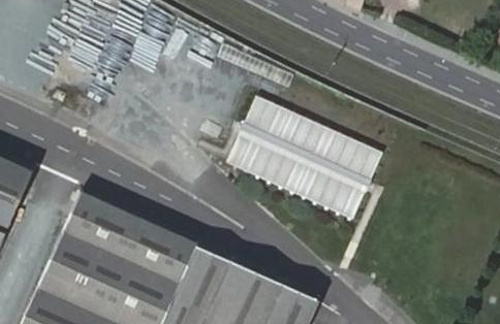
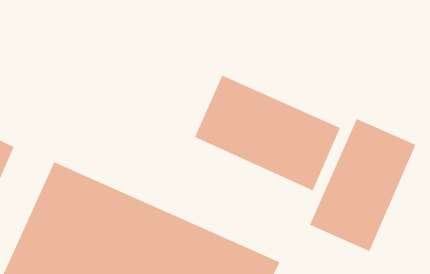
building: none -> [309,118,416,252]

